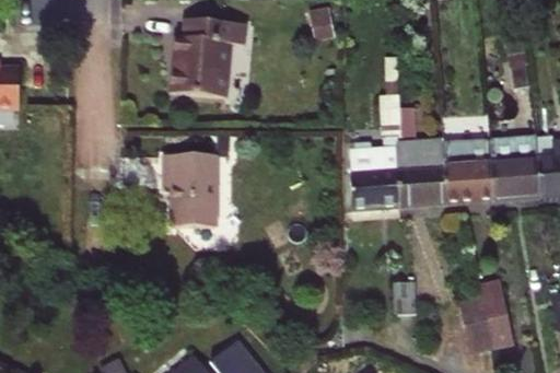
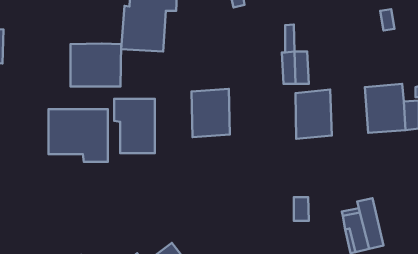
building: none -> [70,44,121,87]
building: [443,140,492,202] -> none
building: [350,148,399,210] -> [192,89,230,137]
building: none -> [49,109,108,162]

